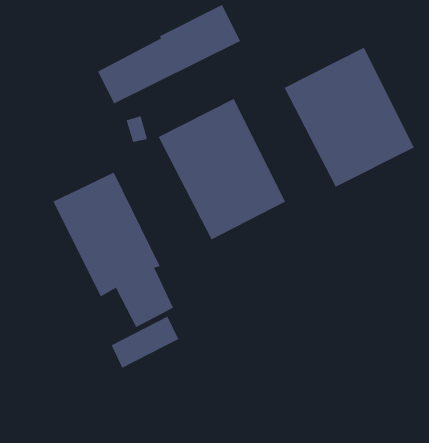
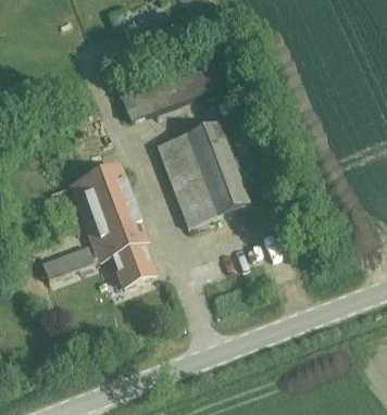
building: [284,47,415,187] -> none
building: [111,316,179,369] -> [41,244,93,280]

